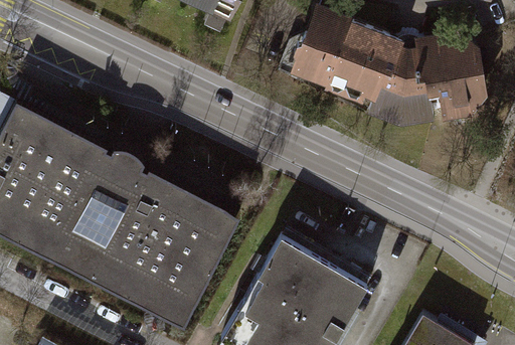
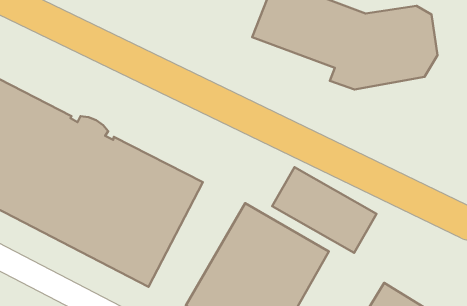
building: none -> [272,167,376,253]

